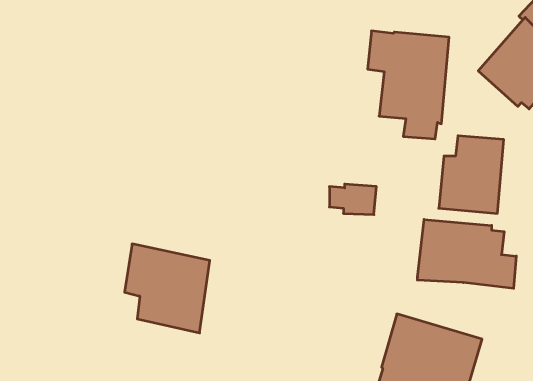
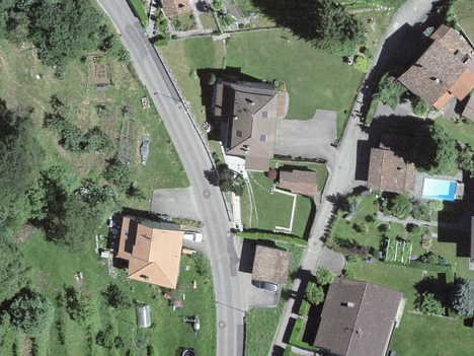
building: [368,31,449,139] -> [215,84,280,170]
building: [417,219,516,288] -> none
building: none -> [252,245,291,284]

